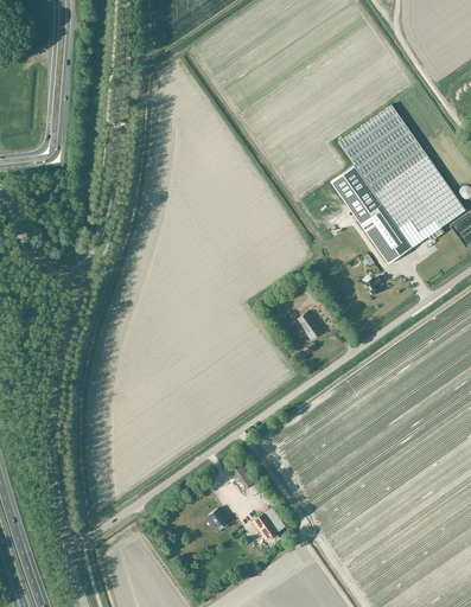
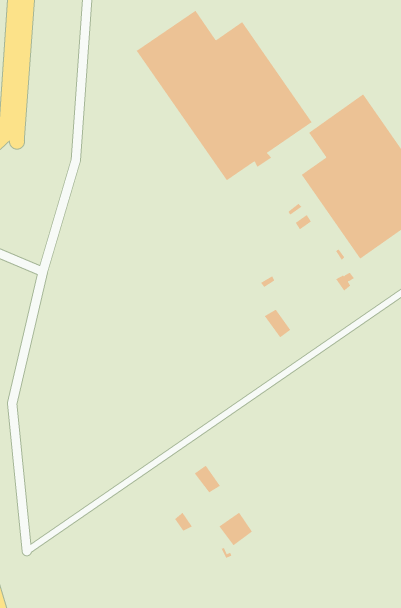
building: none -> [136,10,312,181]

